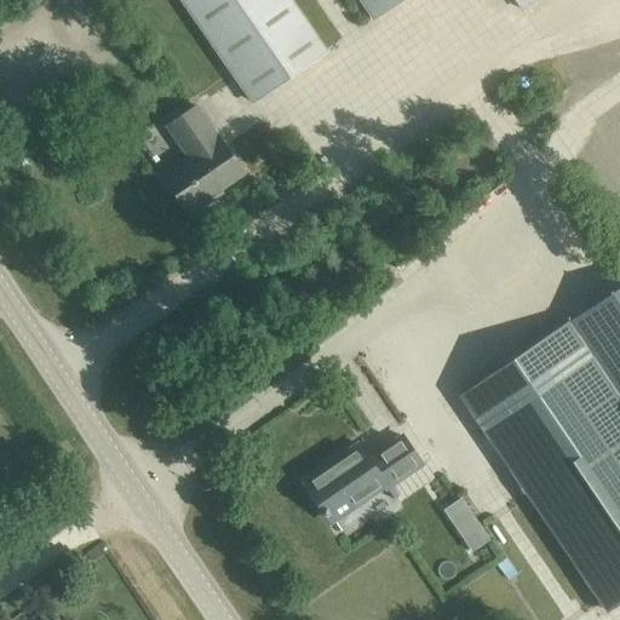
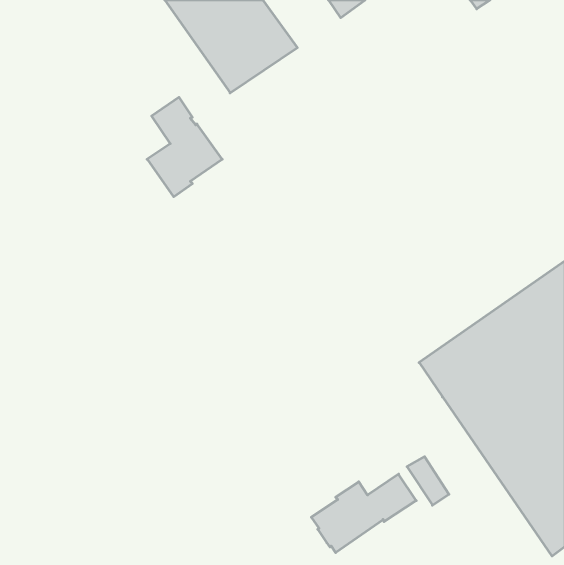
building: [308,436,423,522] -> [311,474,416,553]

